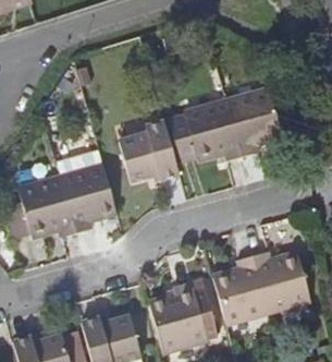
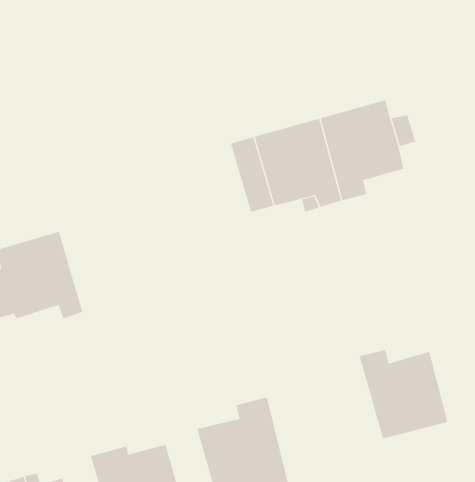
building: [120,124,179,183] -> none
building: [60,165,114,229] -> none
building: [213,257,268,323] -> none

